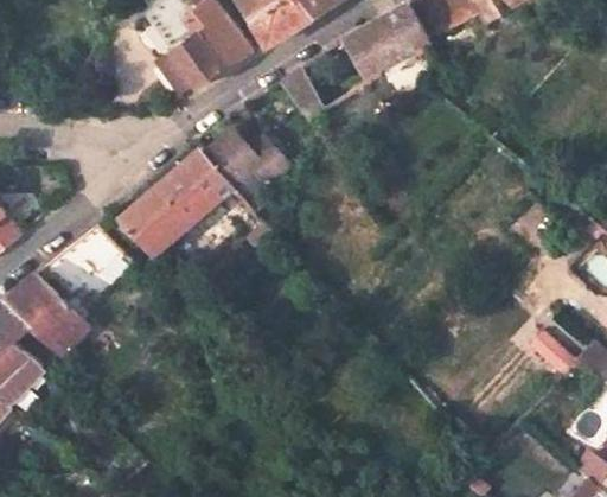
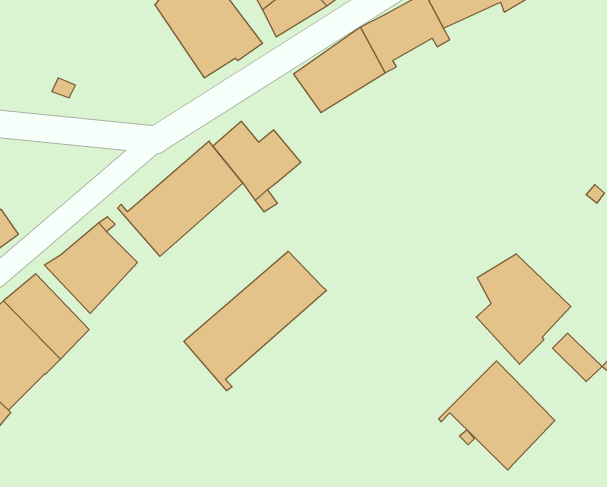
building: none -> [184,251,327,391]
building: none -> [476,254,571,364]
building: none -> [439,361,555,470]

